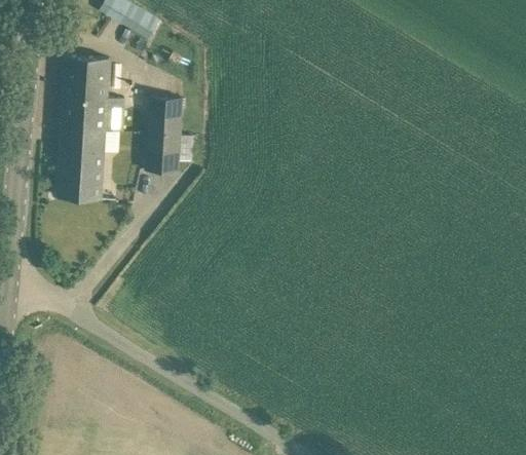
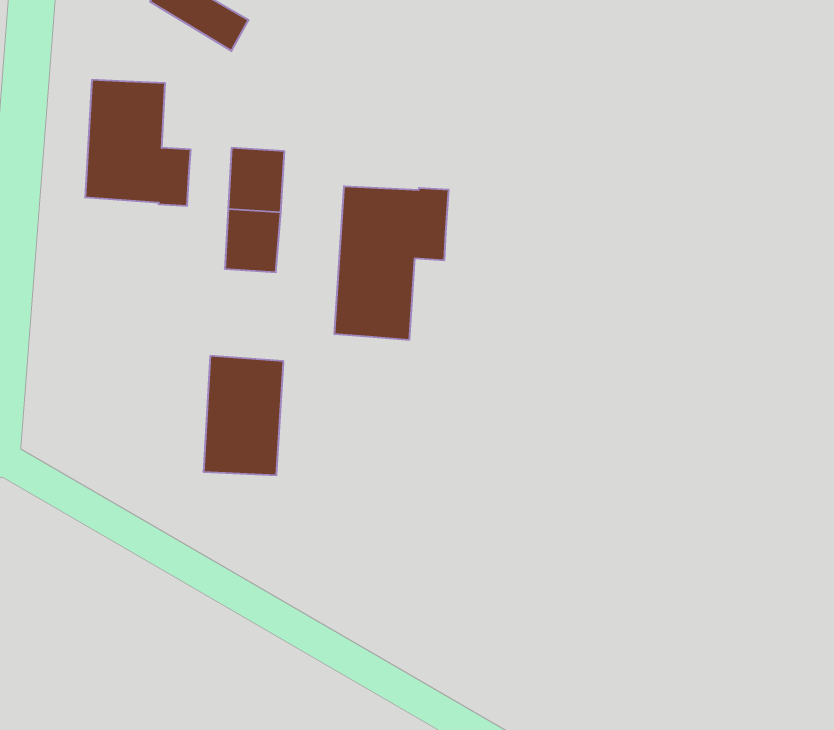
building: none -> [335,186,449,340]
building: [61,129,109,201] -> [203,356,283,475]

